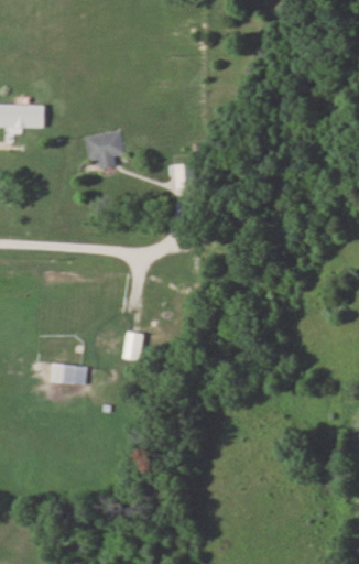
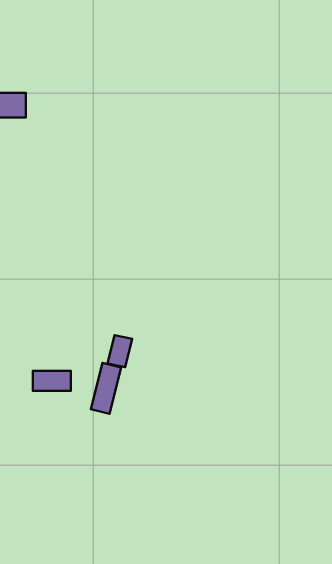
building: [85,131,124,170] -> none
building: none -> [91,363,121,414]

